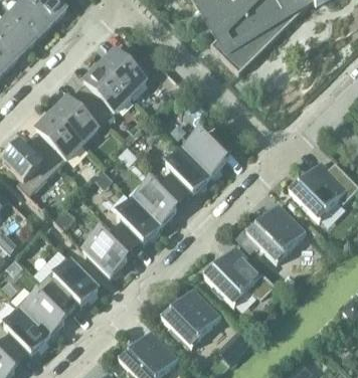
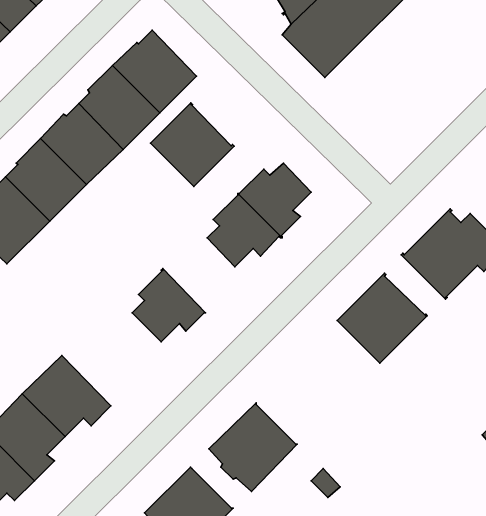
building: none -> [151,103,234,186]
building: [132,179,179,228] -> none
building: [82,228,131,277] -> none
building: [204,244,274,304] -> none

